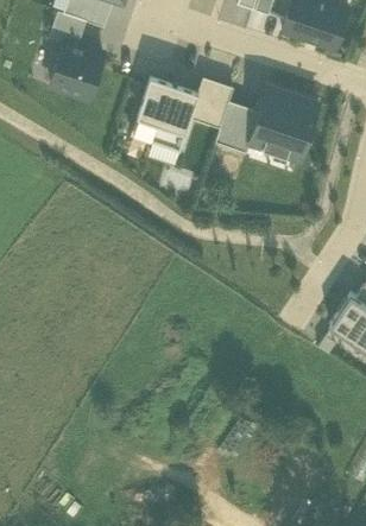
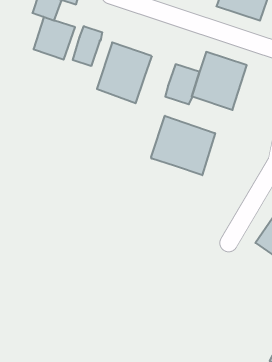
building: none -> [73,26,102,66]
building: [190,78,234,129] -> none
building: none -> [151,116,215,175]

